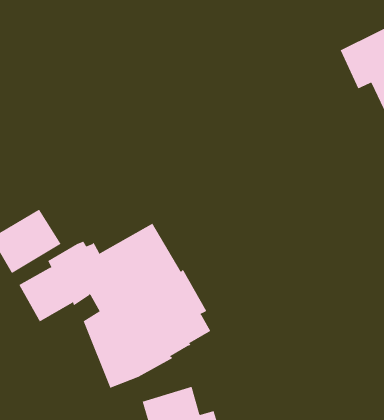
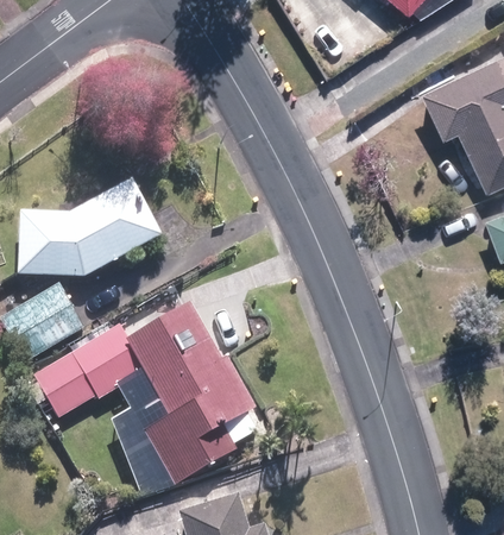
building: none -> [20,176,166,275]

